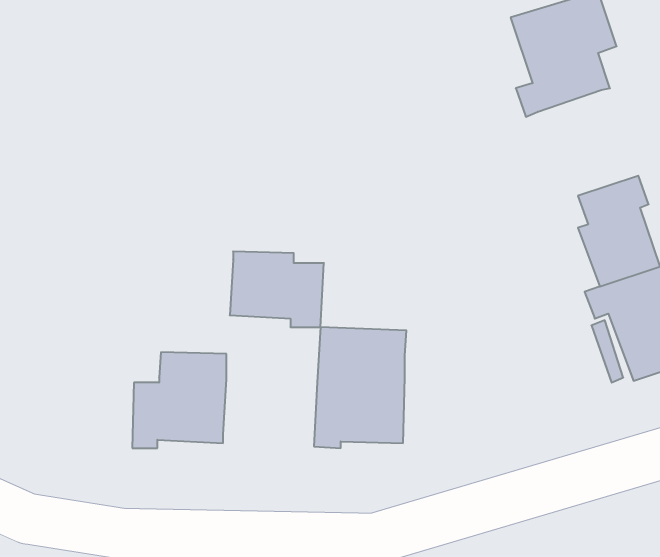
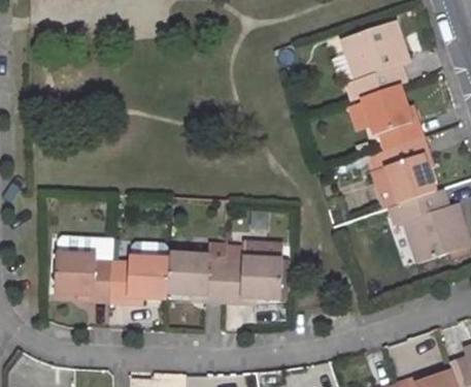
building: none -> [360,84,422,149]
building: [230,251,324,327] -> [167,256,225,302]
building: none -> [55,257,112,303]

